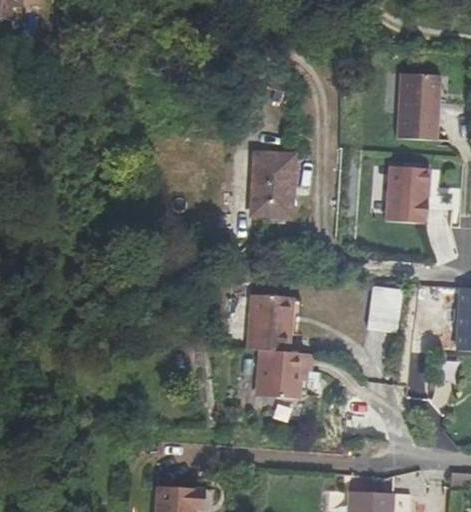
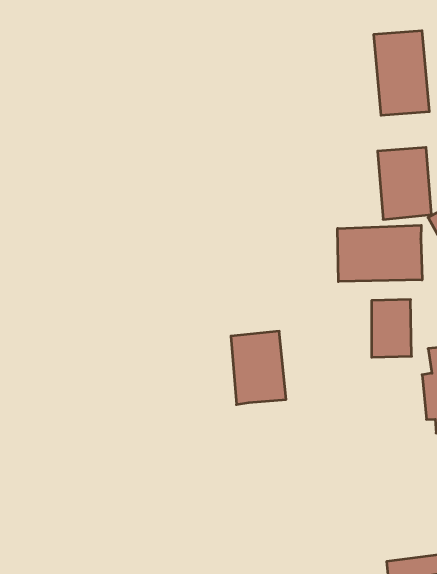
building: [254,155,292,215] -> none
building: none -> [338,225,422,282]
building: [257,350,307,399] -> none

